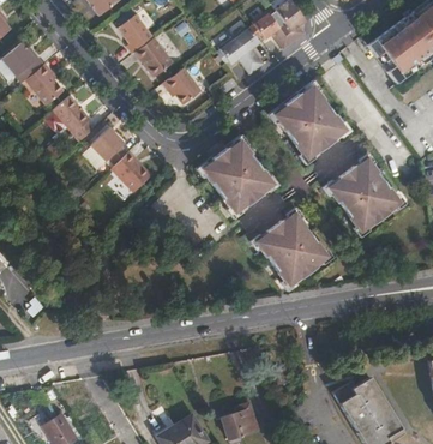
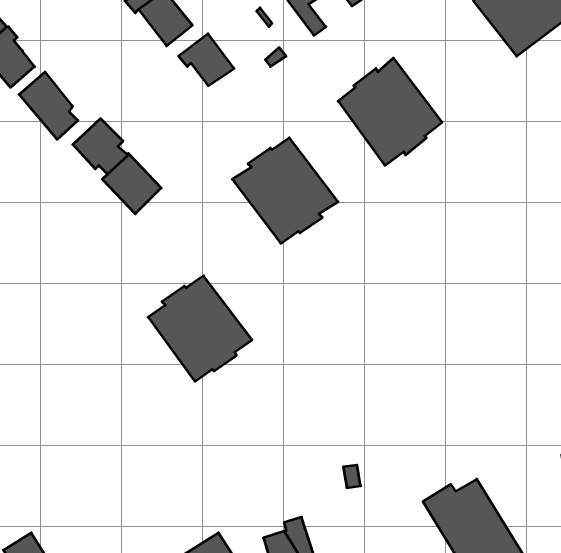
building: [327,158,399,232] -> none
building: [255,212,327,286] -> [148,276,252,381]

